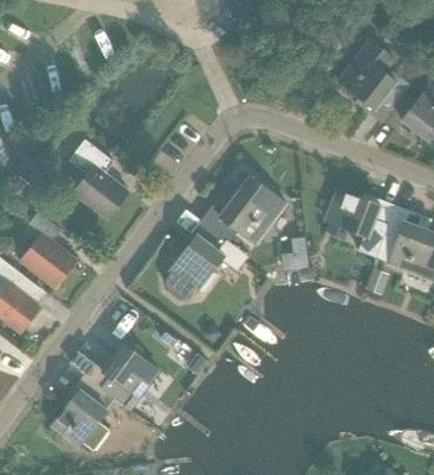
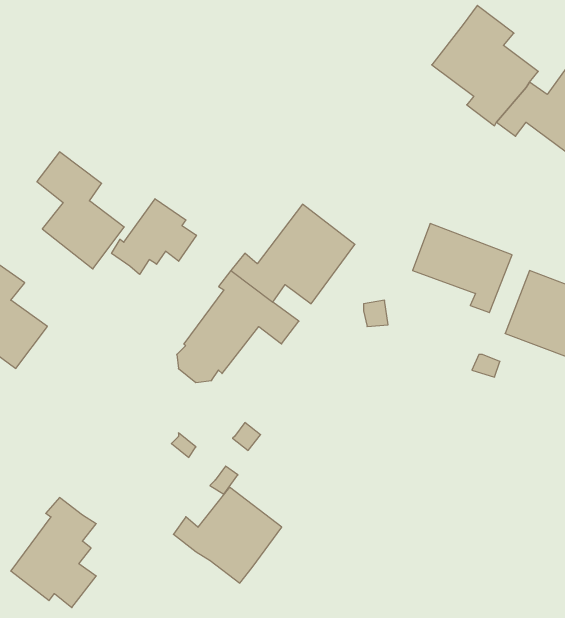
building: none -> [112,199,196,274]
building: [84,343,158,408] -> [173,487,282,583]

